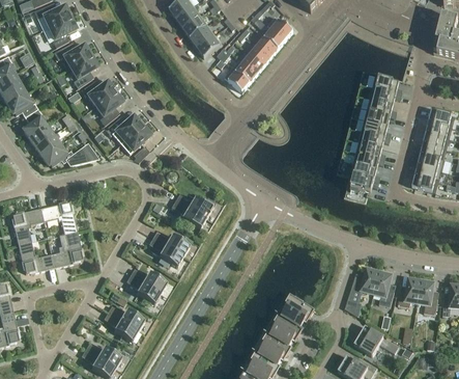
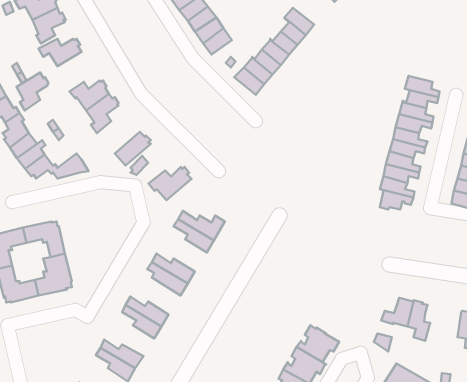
building: [69,54,97,87] -> [16,72,49,111]
building: [104,113,141,142] -> [149,167,192,200]
building: [397,278,420,306] -> none

